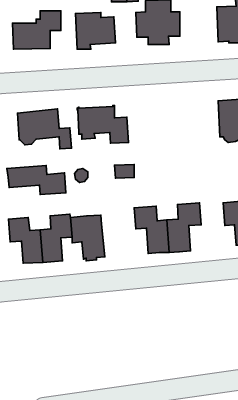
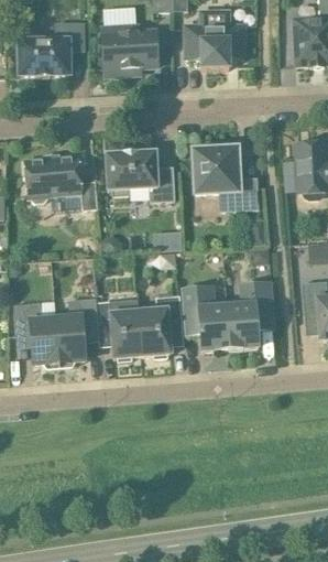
building: none -> [193,147,258,209]
building: [7,166,66,195] -> none
building: none -> [138,294,181,357]

